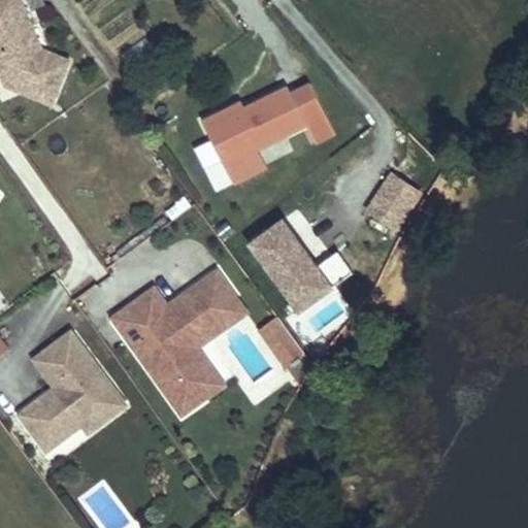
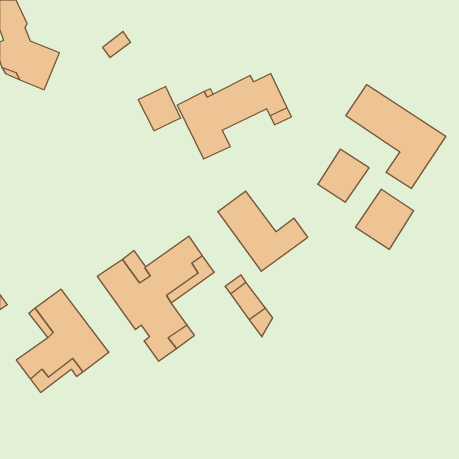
building: none -> [346,85,446,189]
building: none -> [138,86,181,131]
building: none -> [356,189,414,249]

